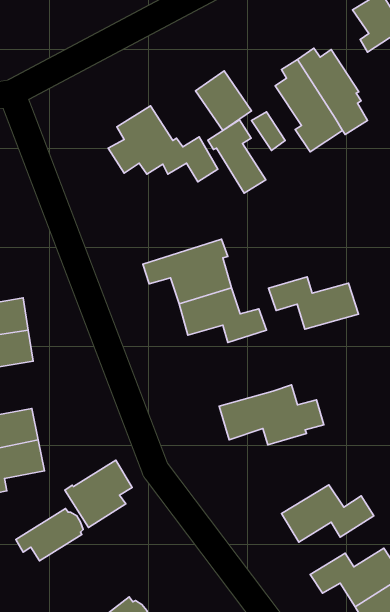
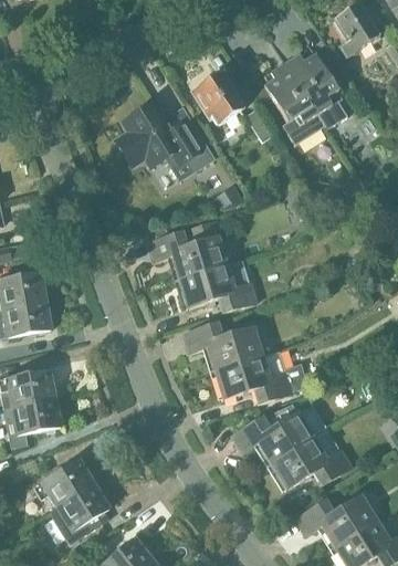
building: [208,120,266,193] -> none
building: [269,277,358,329] -> [182,323,262,369]
building: none -> [231,403,312,464]
building: [65,460,132,528] -> [49,484,108,544]

